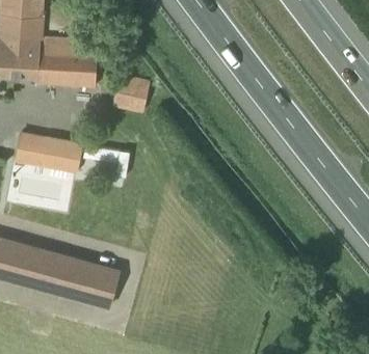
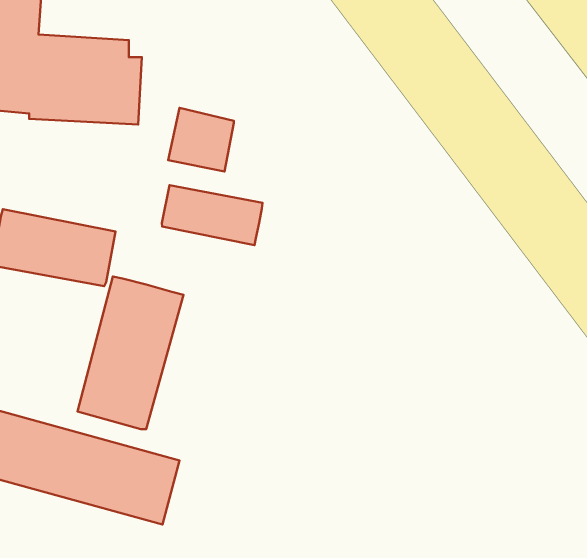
building: none -> [162,185,263,245]
building: none -> [78,276,184,429]

